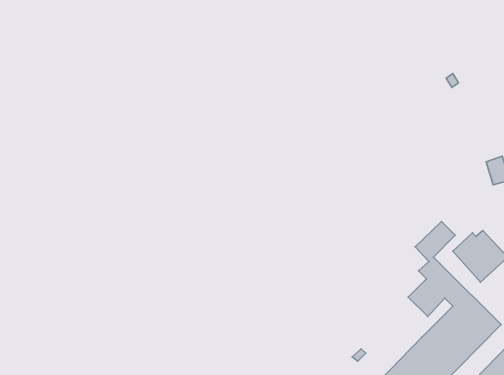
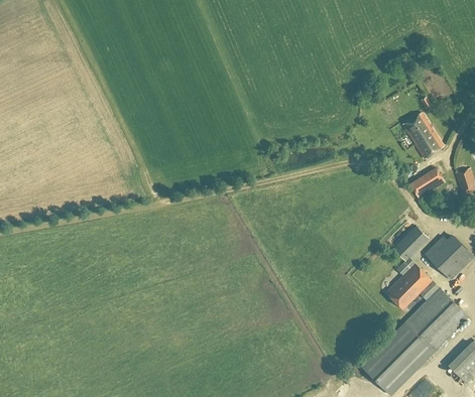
building: none -> [401,112,443,159]
building: none -> [409,168,444,198]

